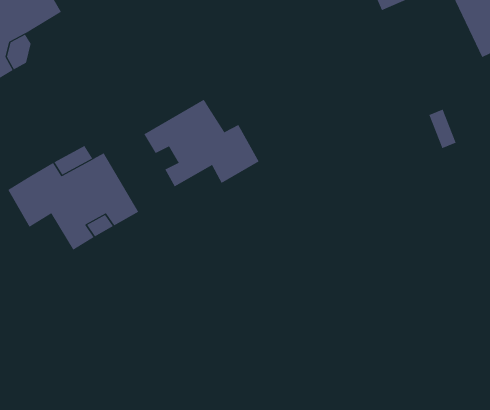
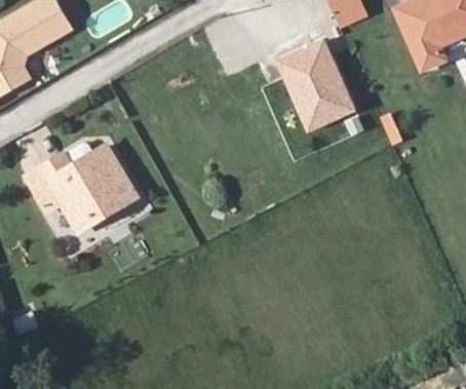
building: none -> [273,37,356,132]
building: [143,99,259,187] -> none

